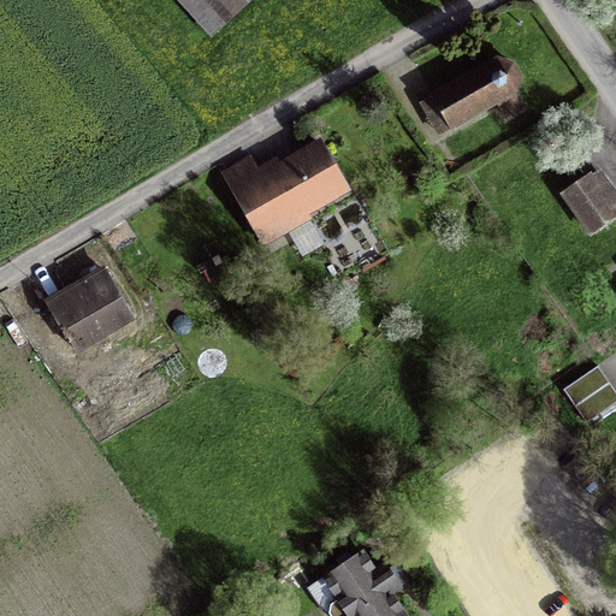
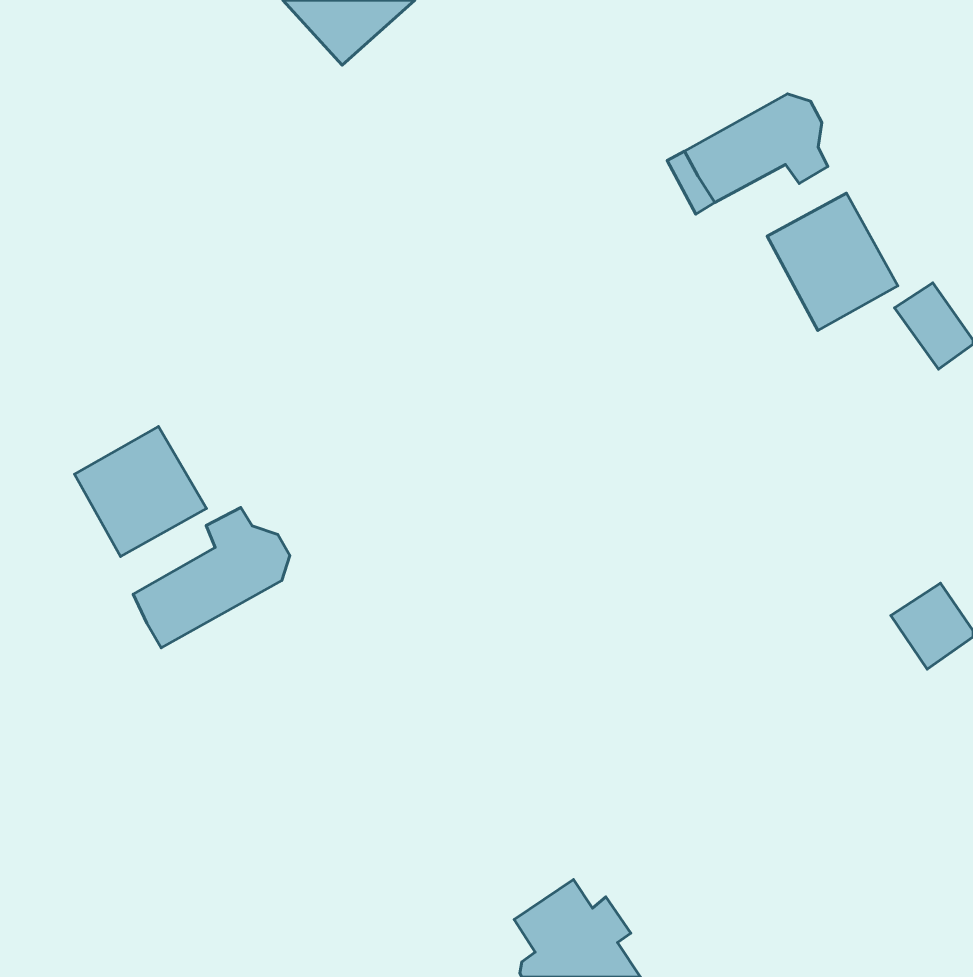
building: none -> [767,193,898,331]
building: [227,140,349,238] -> none
building: none -> [133,507,290,648]

